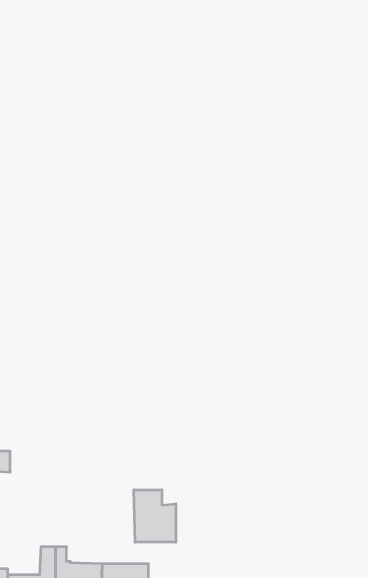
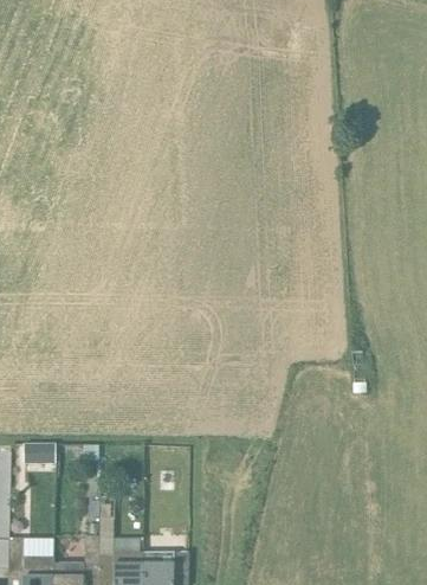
building: [134,490,176,542] -> none

